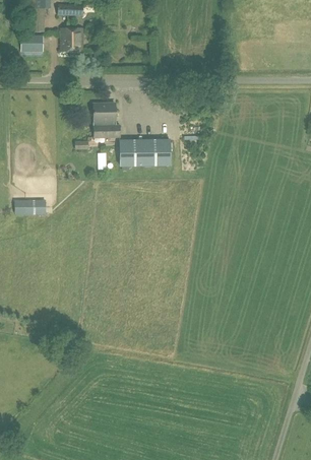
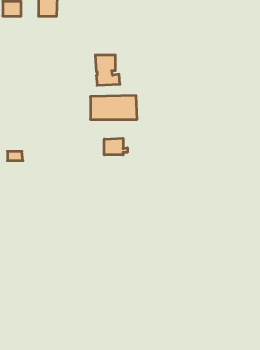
building: [91,102,119,135] -> [95,55,120,85]
building: none -> [104,138,127,155]

